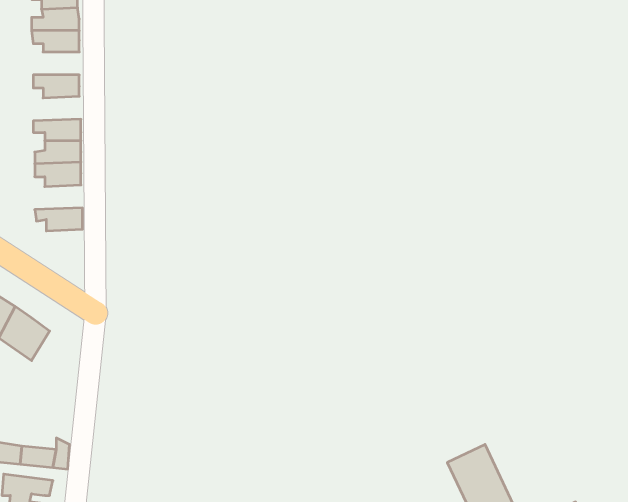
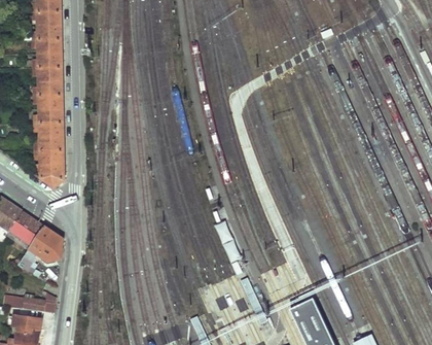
building: none -> [33,51,62,66]
building: none -> [33,79,63,95]
building: none -> [34,135,64,150]
building: none -> [35,163,64,186]
building: none -> [20,227,62,273]

